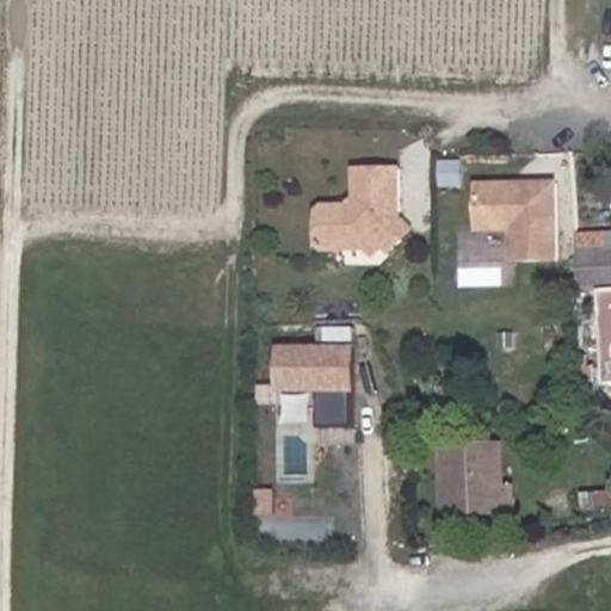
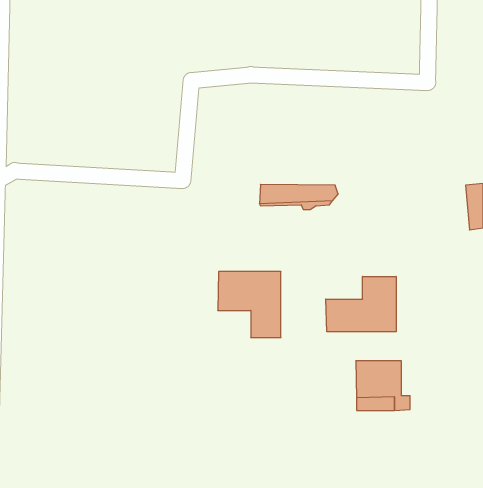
building: [320,178,412,228] -> none
building: [471,179,556,259] -> none
building: none -> [326,276,396,332]

